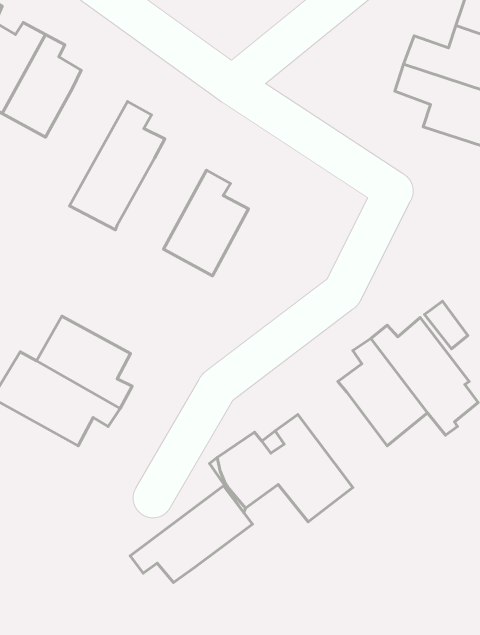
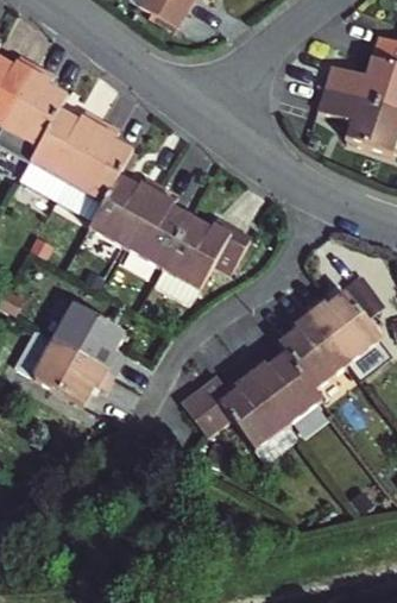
building: none -> [21,111,106,205]
building: none -> [97,167,169,239]
building: none -> [166,207,259,290]
building: none -> [241,353,317,429]
building: [130,486,253,583] -> none

